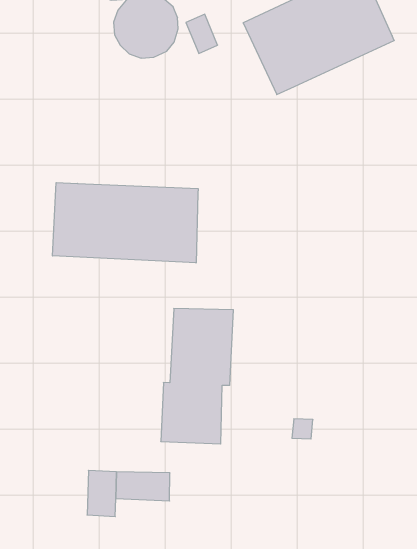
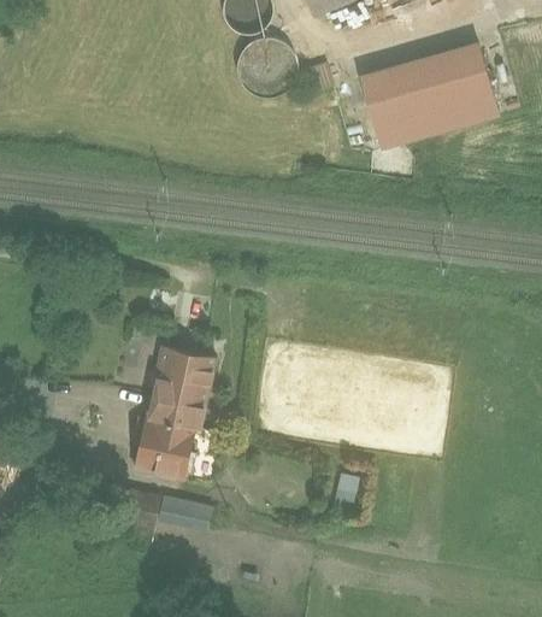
building: [53,183,198,263] -> none
building: [161,309,233,444] -> [126,335,217,471]

